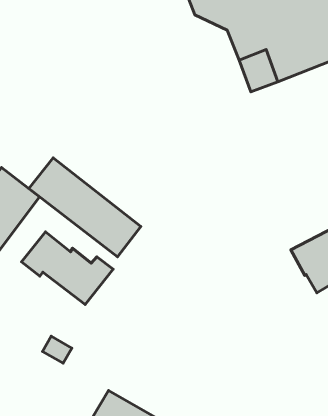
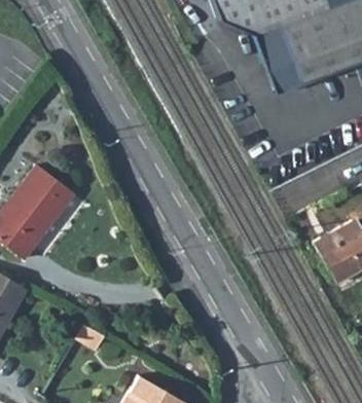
building: [29,158,141,257] -> none
building: [22,232,113,305] -> none

